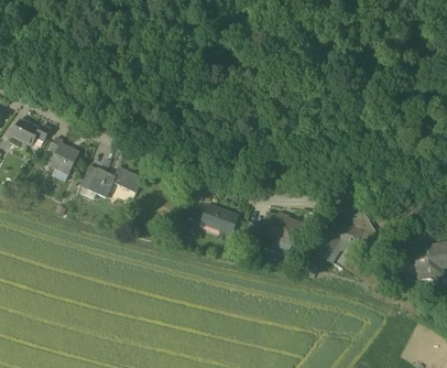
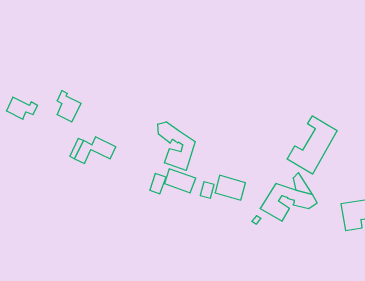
building: [50,136,78,173] -> [57,91,81,122]
building: none -> [287,116,337,174]
building: none -> [158,122,195,170]

